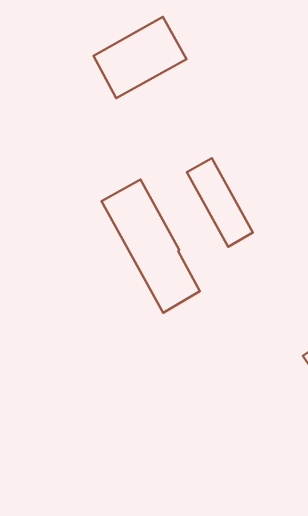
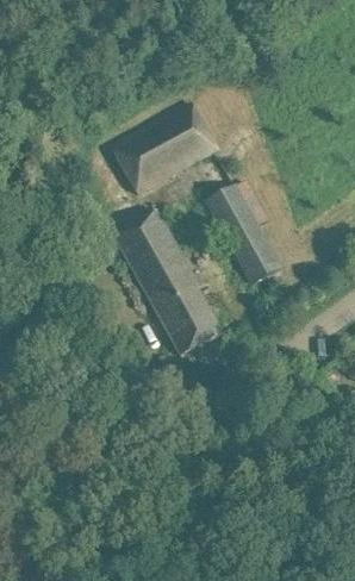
building: [93,17,187,98] -> [113,104,216,193]

